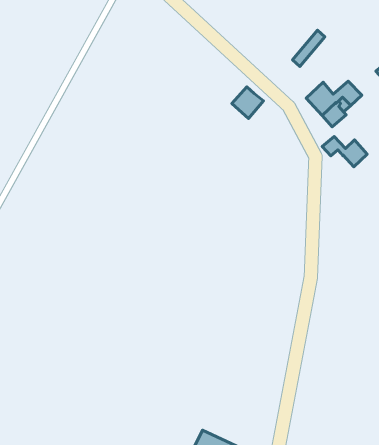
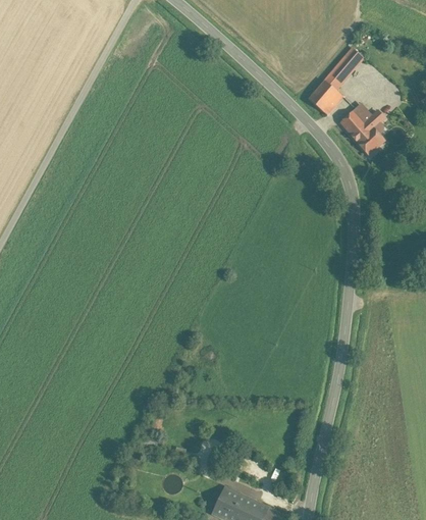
building: [232,87,263,118] -> [308,82,342,116]
building: [322,136,367,167] -> none

